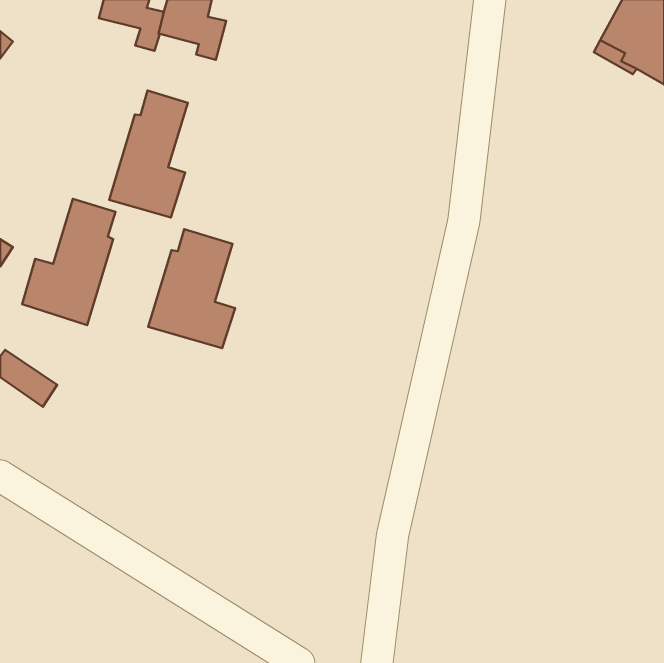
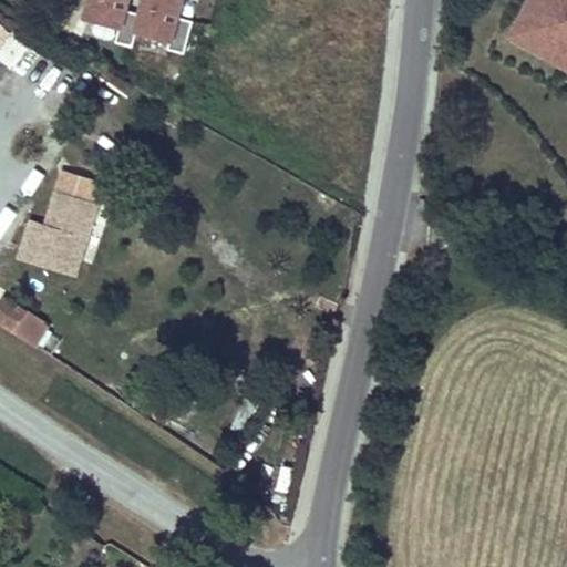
building: [109,91,188,217] -> none
building: [148,229,235,348] -> none

